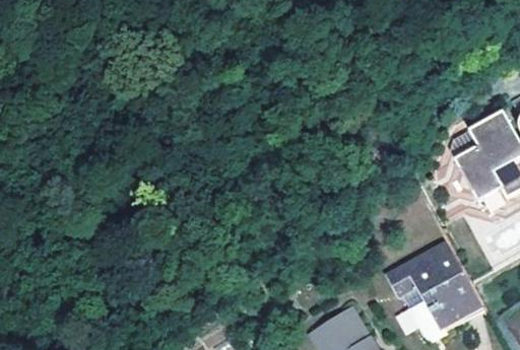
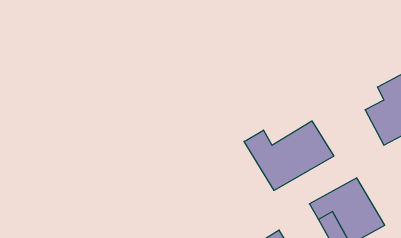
building: none -> [244,121,334,190]

